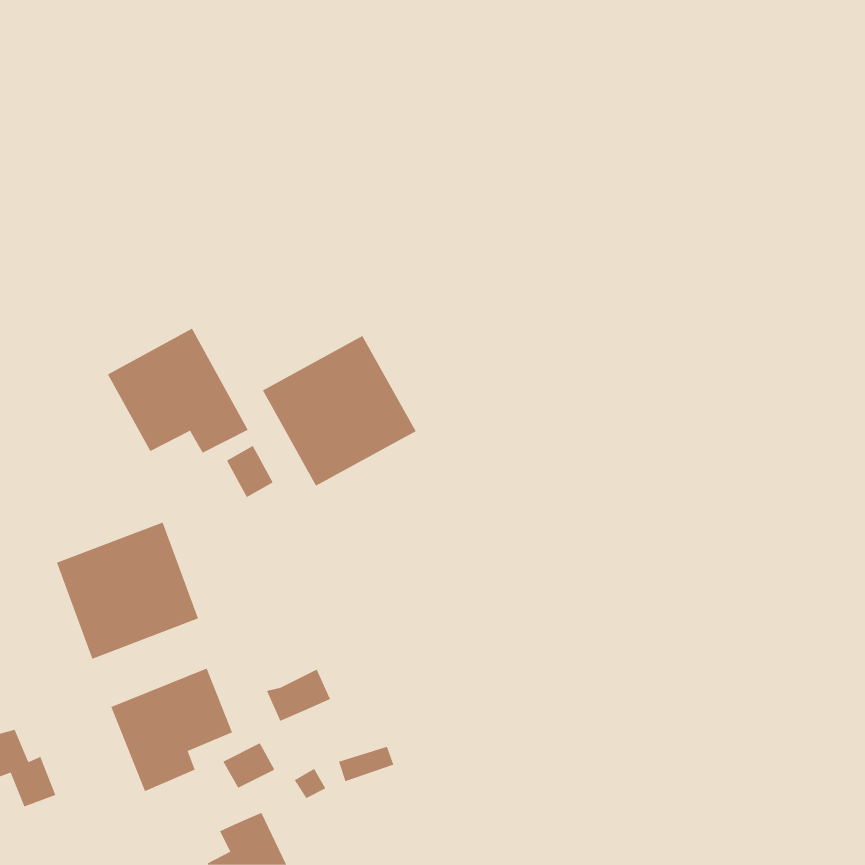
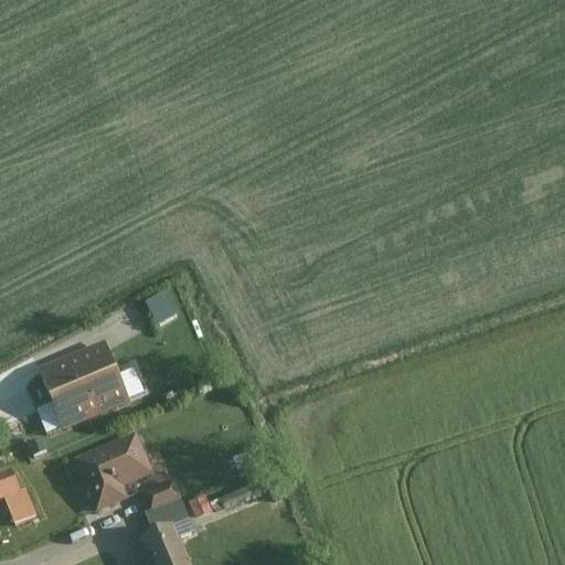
building: [107,328,248,453] -> none
building: [262,335,416,486] -> none
building: [266,669,331,721] -> [146,500,188,534]

